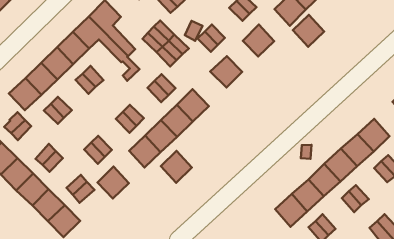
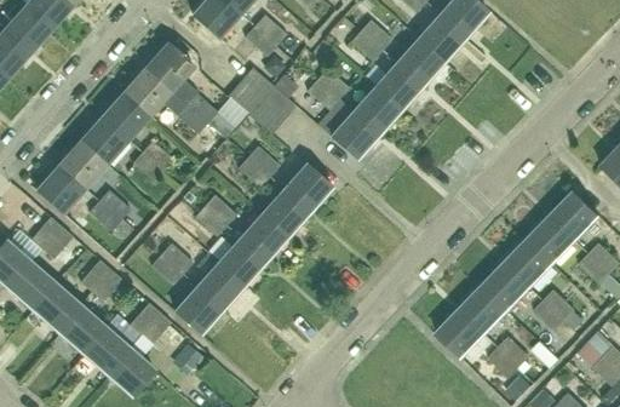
building: [293,15,324,47] -> [396,39,442,86]
building: none -> [352,88,398,134]
building: [161,151,192,183] -> [196,262,242,309]

